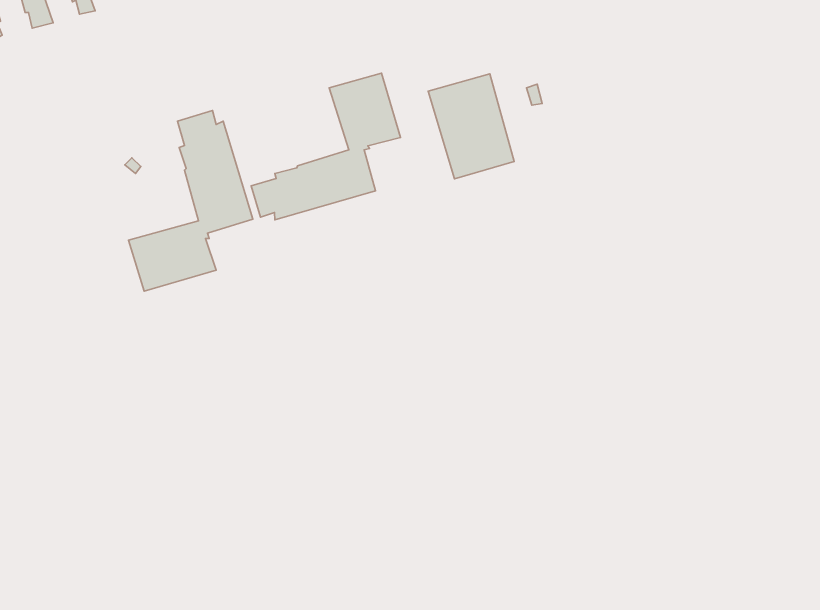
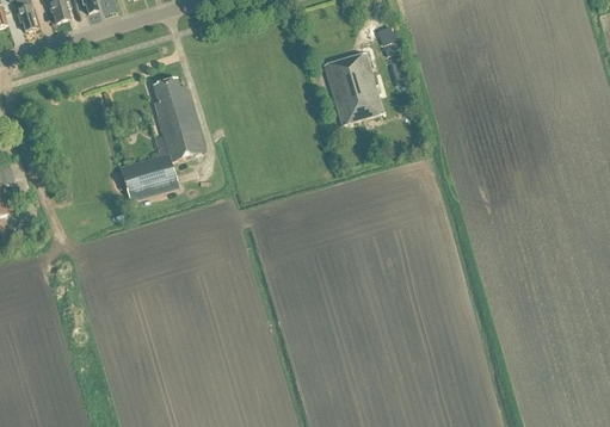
building: [251,73,401,220] -> none

